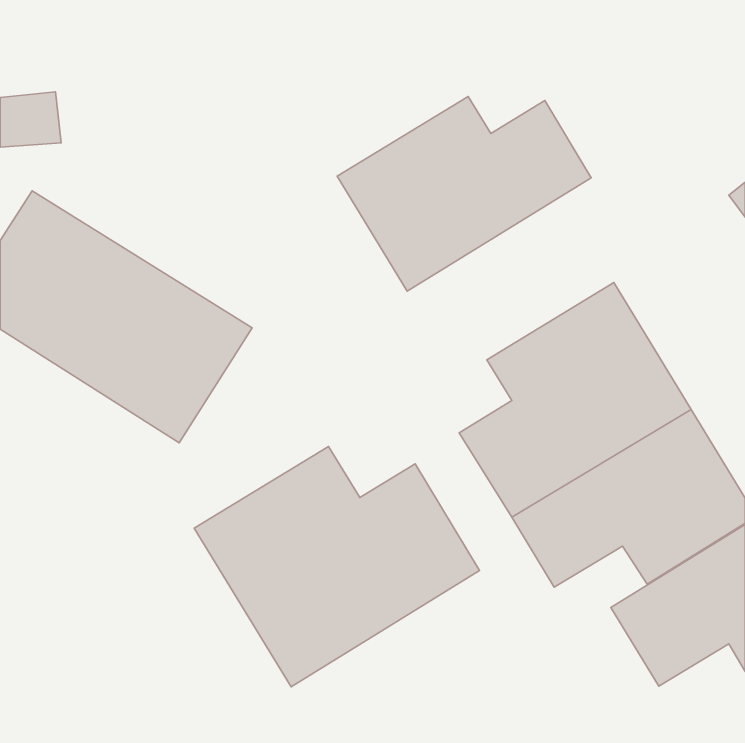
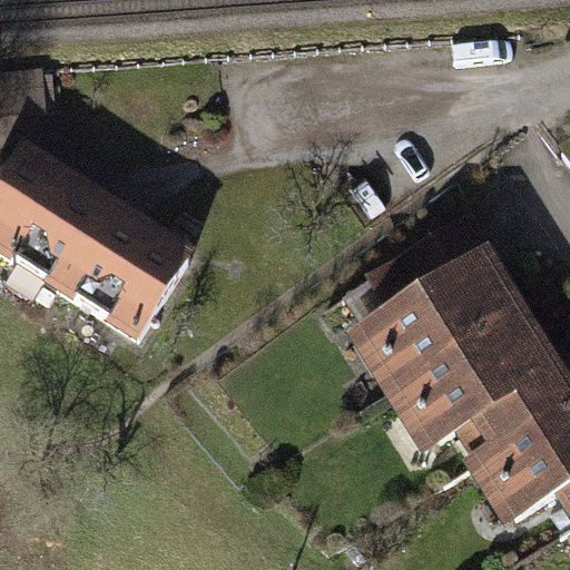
building: [337,97,591,291] -> none
building: [194,447,479,687] -> none

